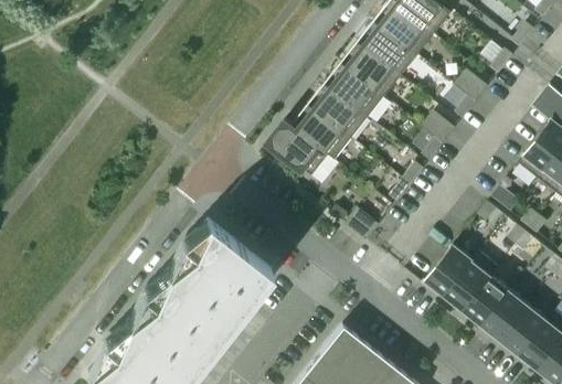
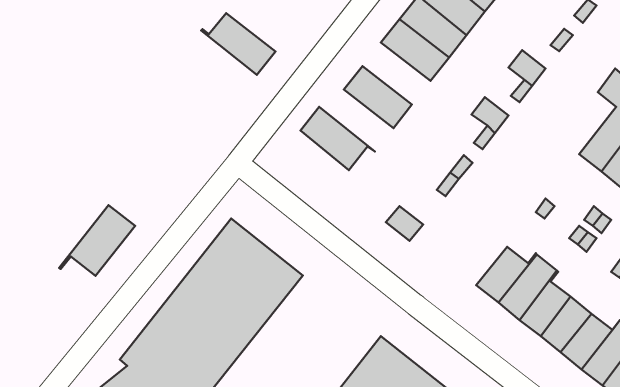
building: [325,66,385,121] -> none
building: [286,108,352,163] -> [201,13,276,75]
building: none -> [59,205,135,276]

